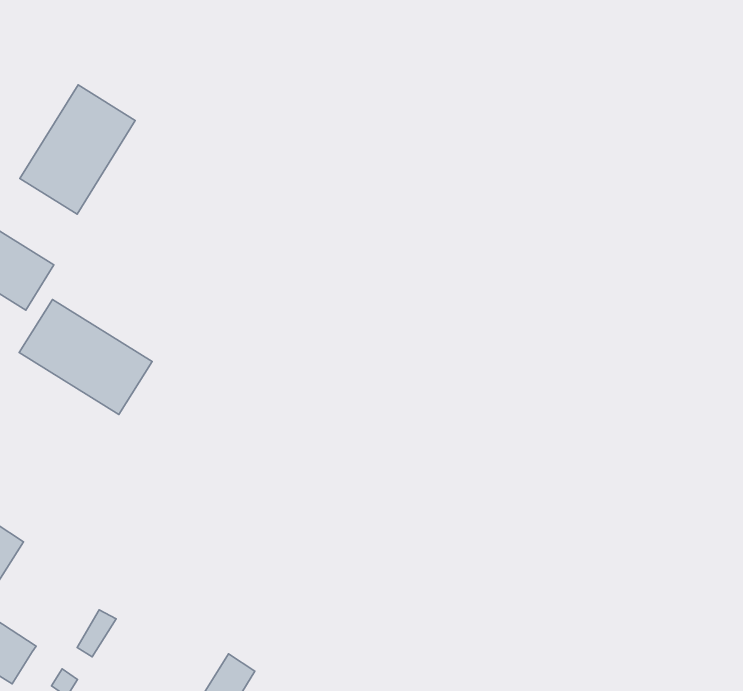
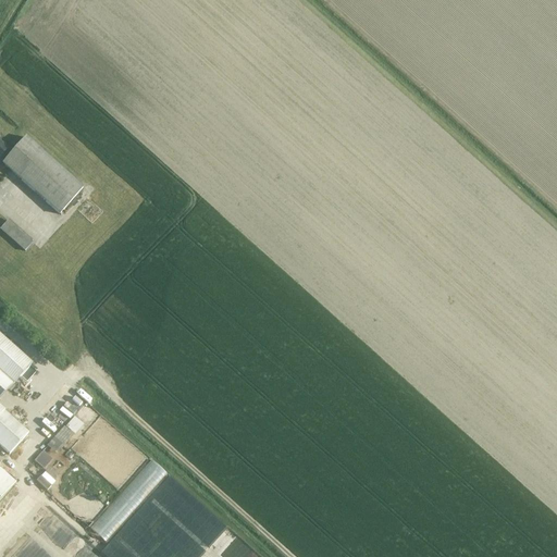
building: [20,85,135,214] -> none
building: [19,299,152,415] -> none

